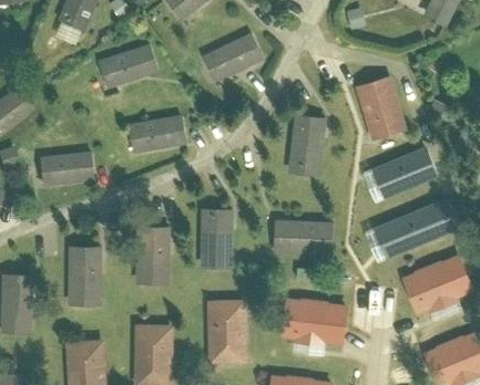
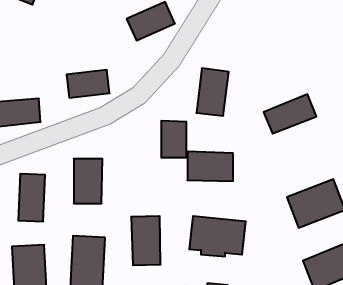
building: [96,43,157,89] -> none
building: [354,76,404,138] -> none
building: [379,197,460,256] -> none
building: [202,214,233,259] -> [161,121,186,158]

